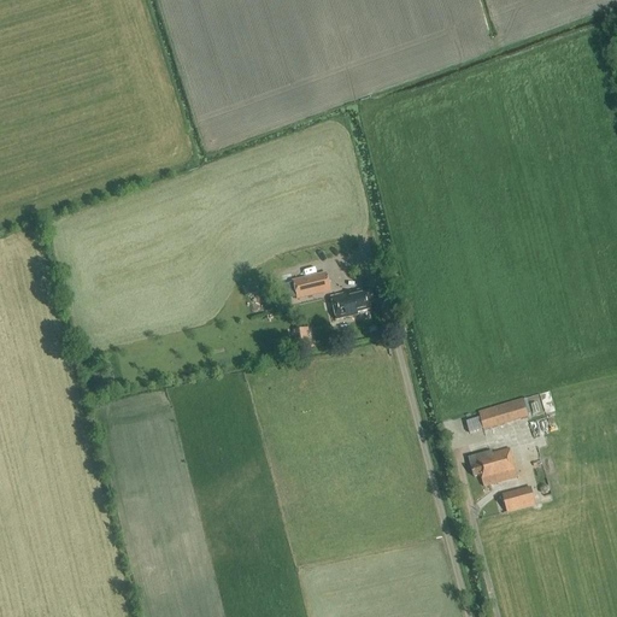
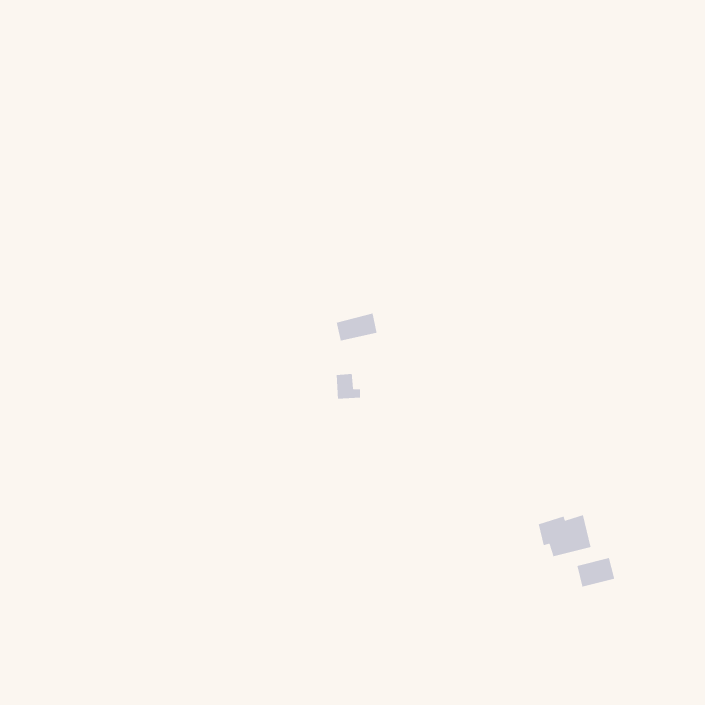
building: [331,289,375,318] -> none
building: [480,398,529,429] -> none

